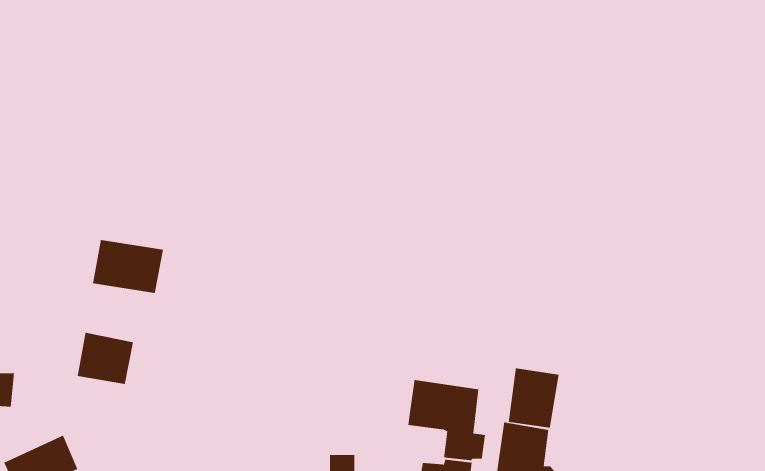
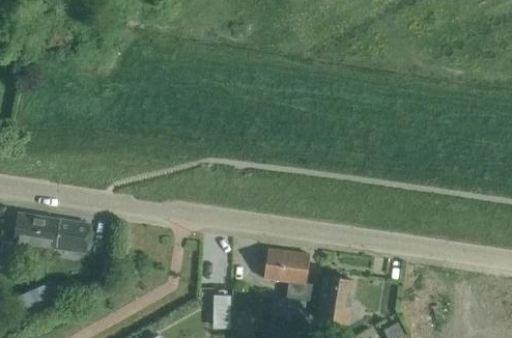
building: [92,240,164,293] -> [12,213,58,247]
building: [508,368,559,428] -> none

